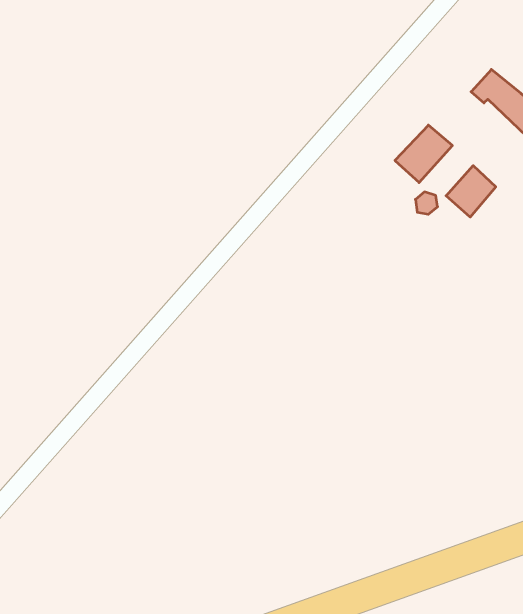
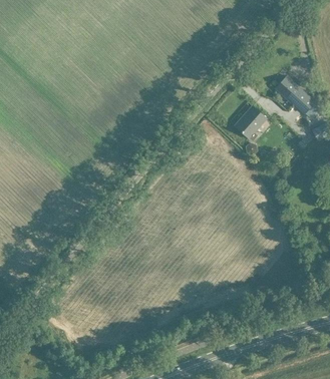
building: [446,166,496,217] -> none

